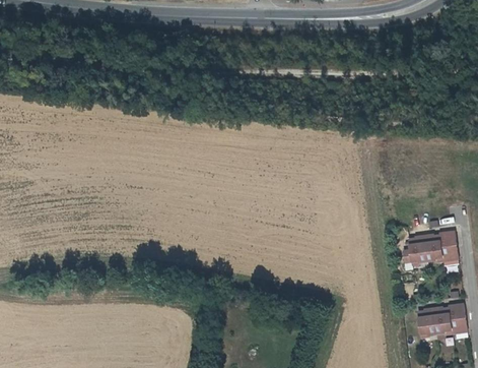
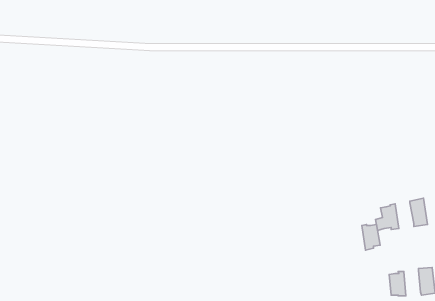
building: [424,238,443,264] -> [362,225,380,250]
building: [433,308,451,334] -> none

